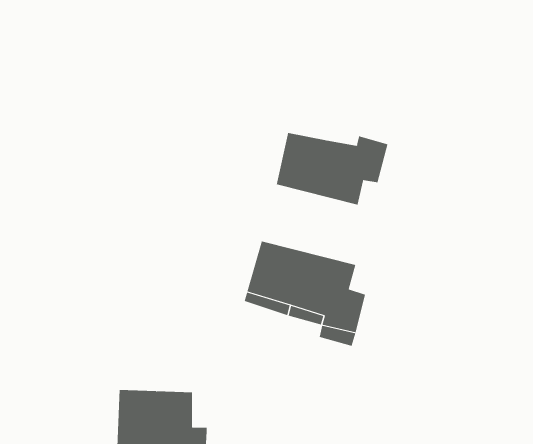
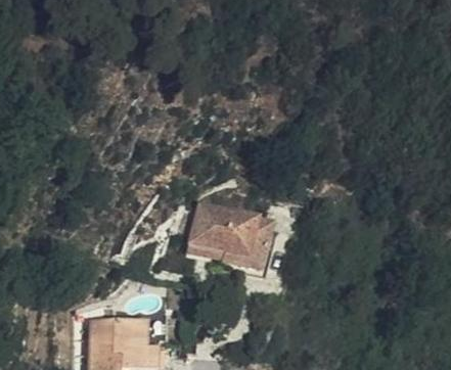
building: [276,132,388,206] -> none

